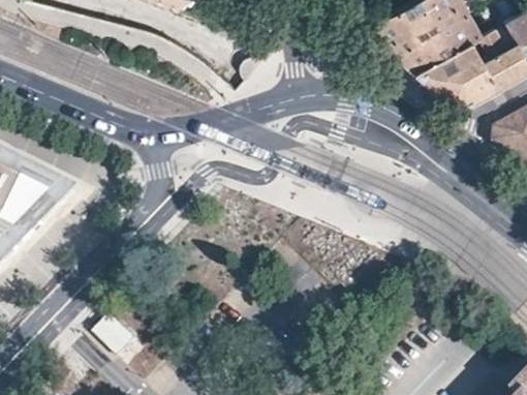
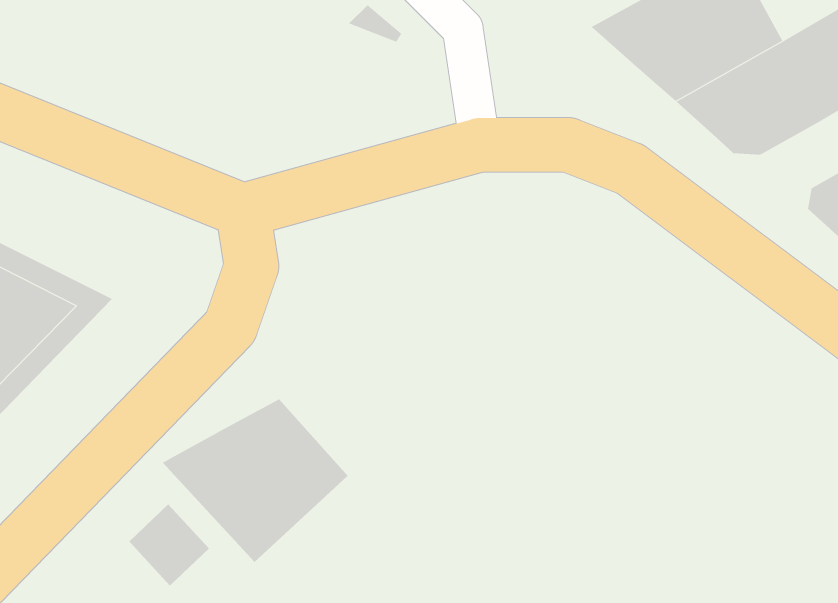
building: none -> [162,398,348,563]

